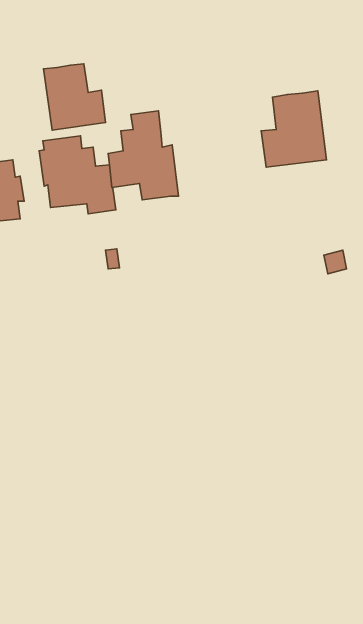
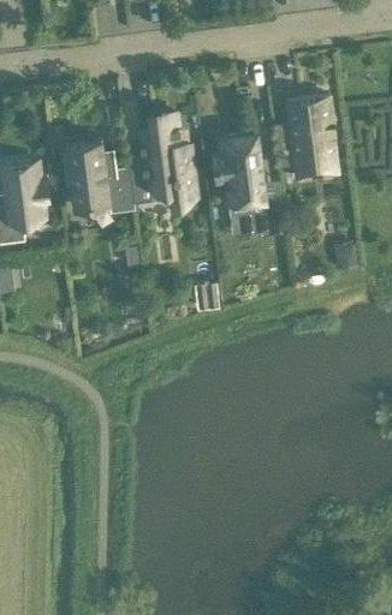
building: [44,64,106,130] -> none
building: none -> [215,132,283,235]

